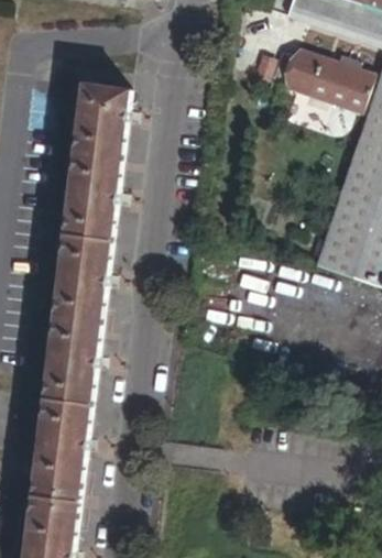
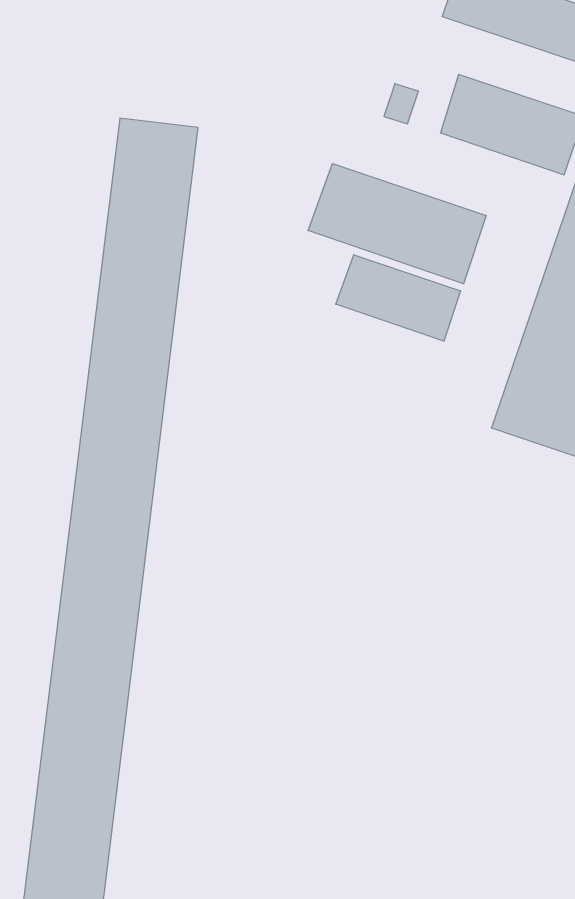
building: none -> [308,164,486,284]
building: none -> [336,255,461,341]

